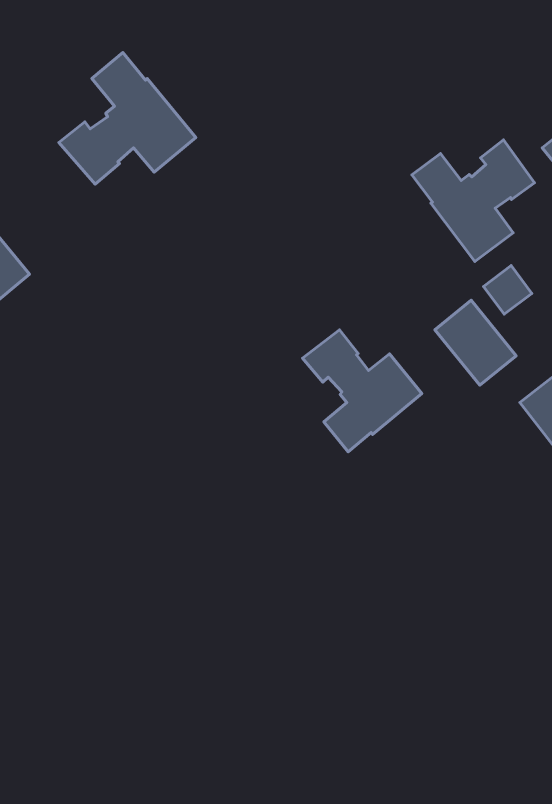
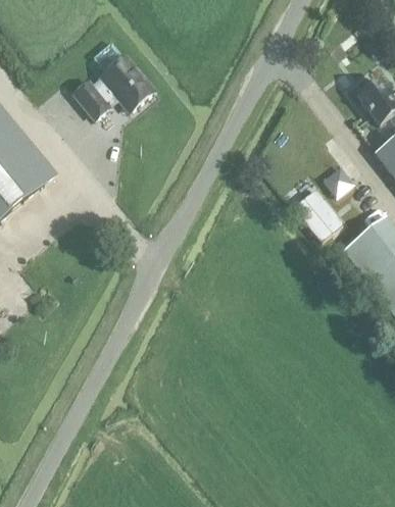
building: [412,140,534,262] -> none
building: [302,330,422,452] -> none

